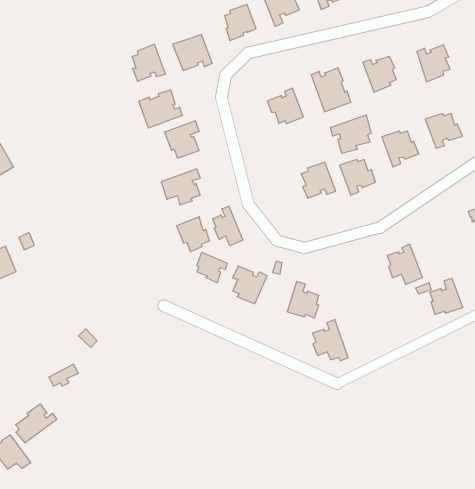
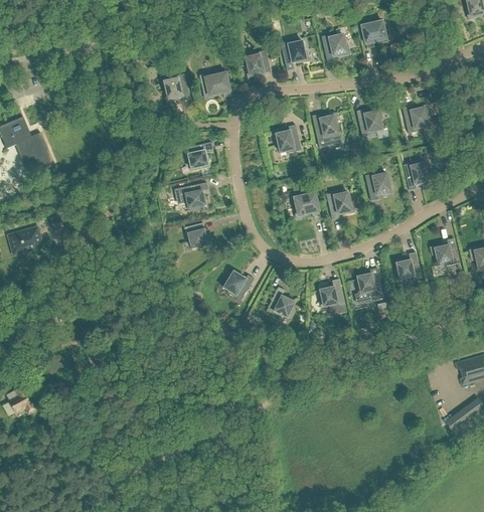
building: [139,90,182,128] -> none
building: [331,115,371,153] -> none
building: [213,206,243,246] -> none
building: [197,252,227,283] -> none
building: [430,279,463,315] -> [395,252,422,281]
building: [313,319,348,361] -> [318,279,346,314]
building: [15,404,57,443] -> none

